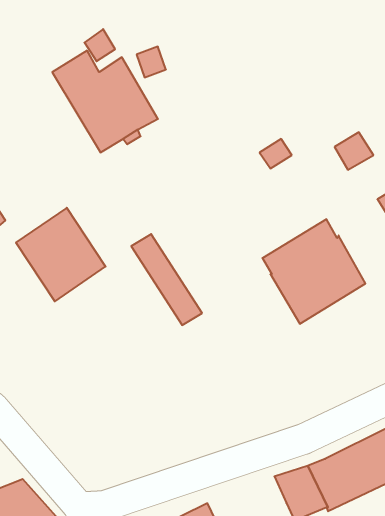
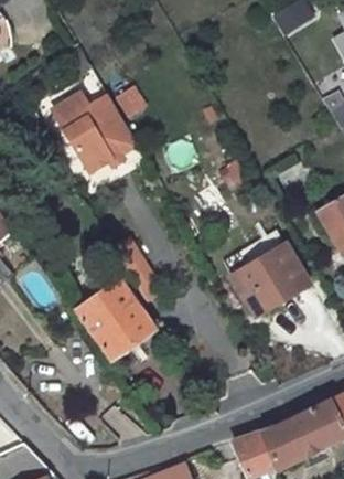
building: [16,208,106,301] -> [79,280,153,358]

